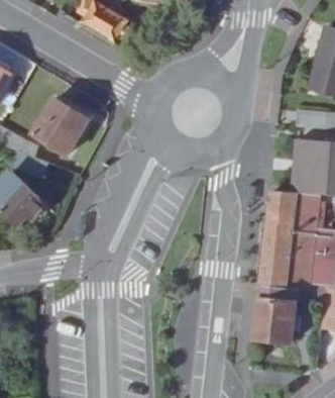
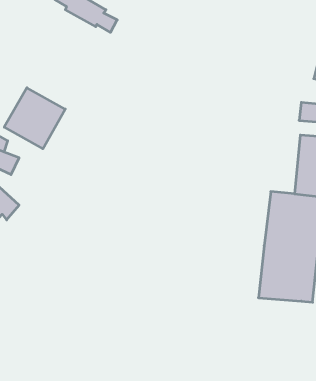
building: [254,286,299,343] -> none

